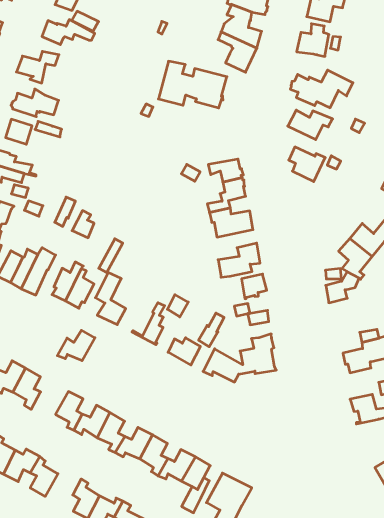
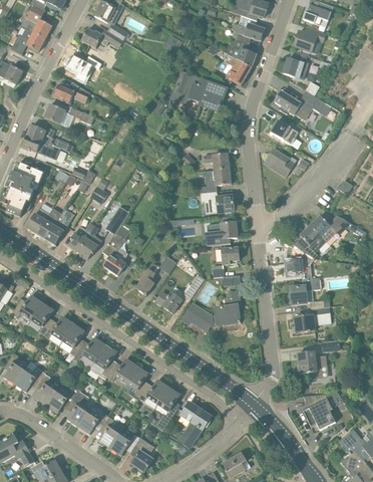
building: none -> [290,277,321,304]
building: [57,330,95,361] -> [43,317,74,341]
building: none -> [47,387,81,413]

